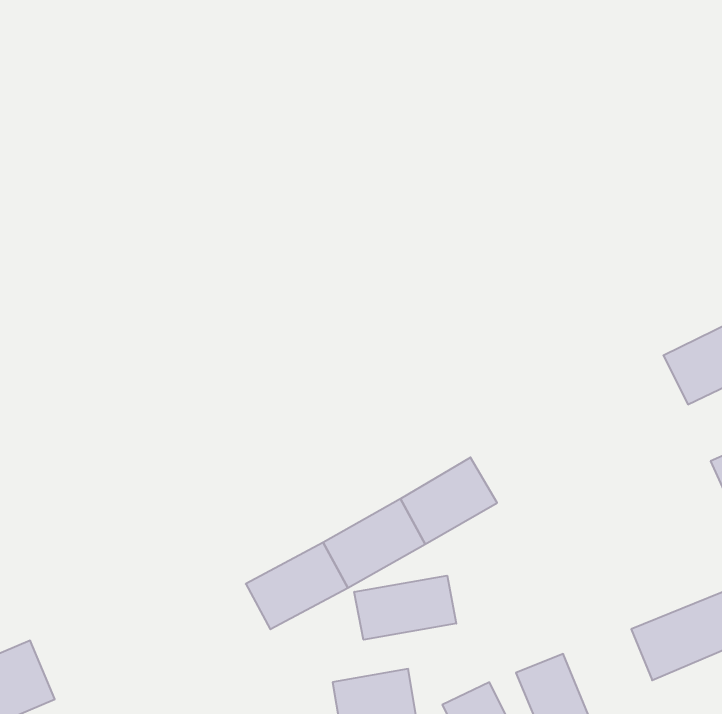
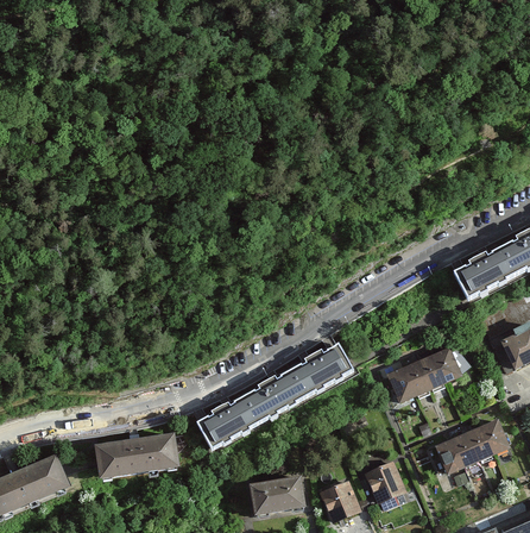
building: none -> [389,349,468,408]
building: [354,576,456,640] -> none
building: none -> [94,432,175,472]

